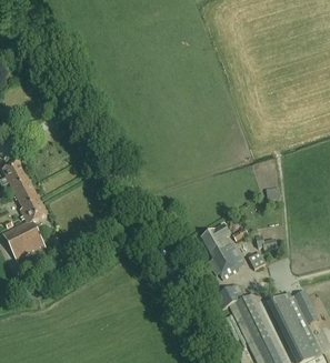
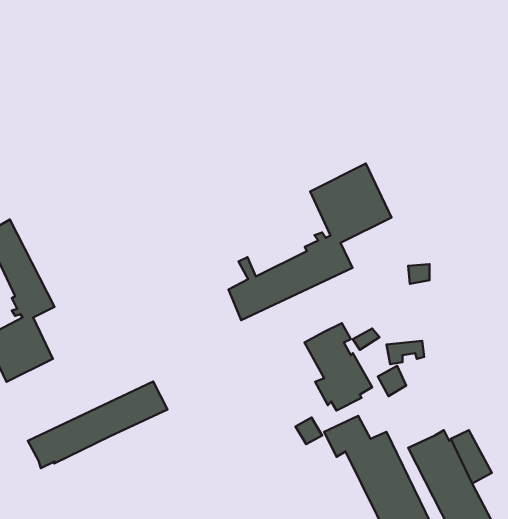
building: none -> [229,164,392,320]
building: none -> [28,382,167,468]

